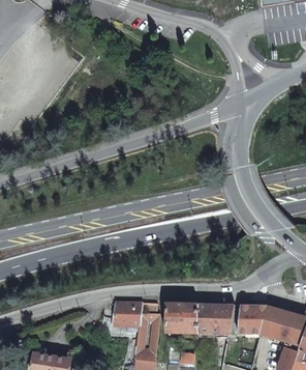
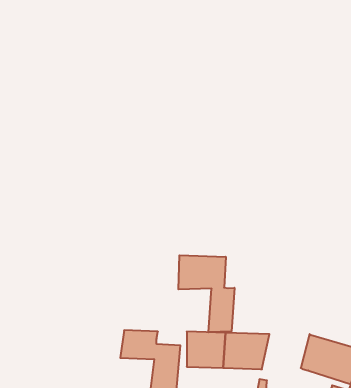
building: none -> [178,255,234,332]
building: [237,304,267,332] -> none

